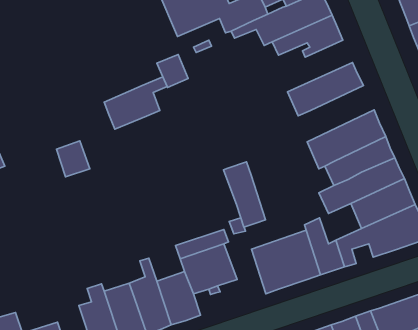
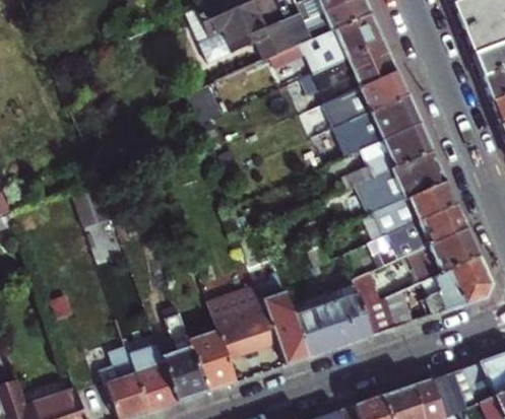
building: none -> [324,69,409,128]
building: [104,77,167,129] -> none
building: none -> [343,121,434,189]
building: [223,162,265,227] -> [263,291,311,365]

